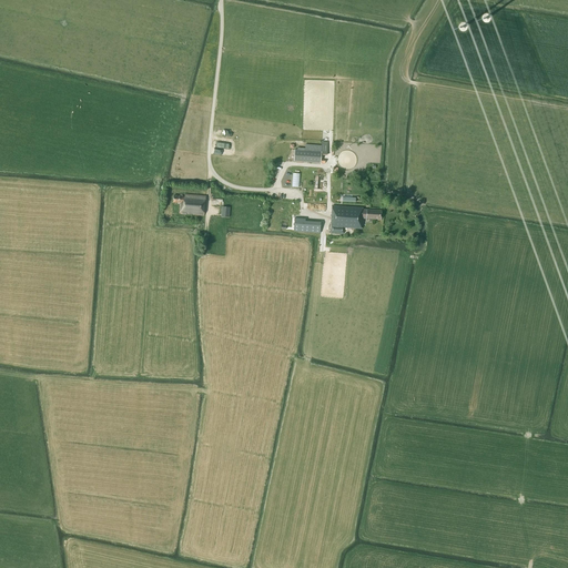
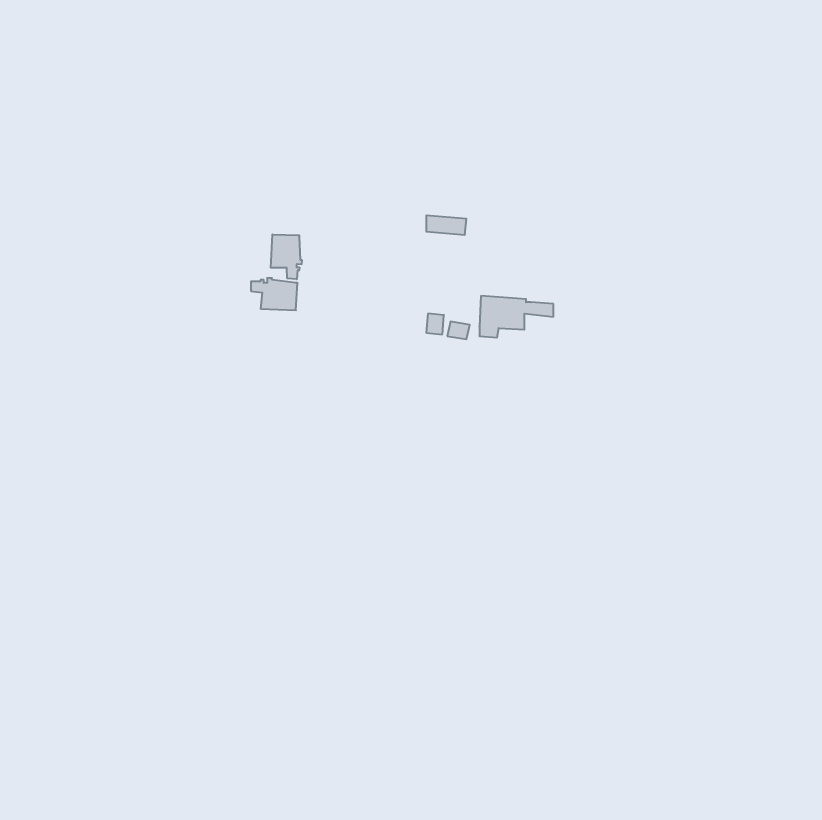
building: none -> [271,234,302,279]

